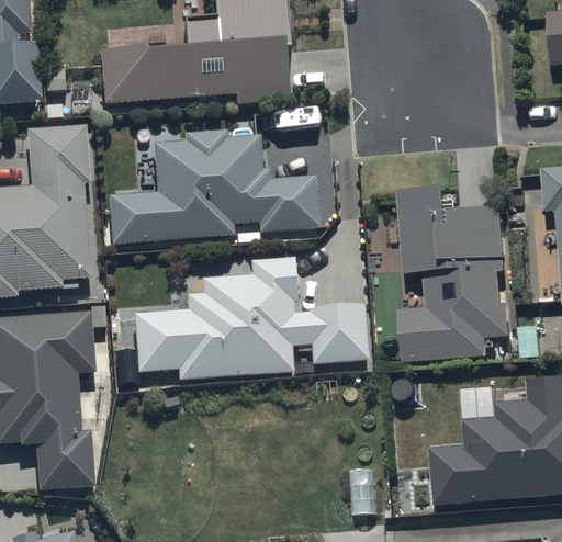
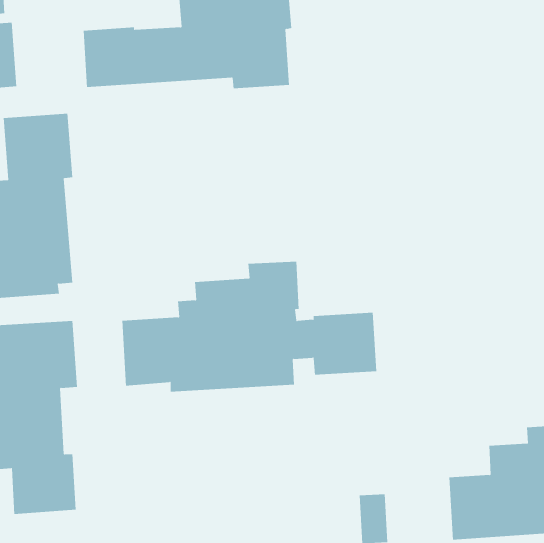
building: [109,128,317,245] -> none
building: [400,184,510,359] -> none

